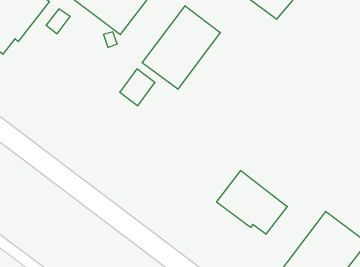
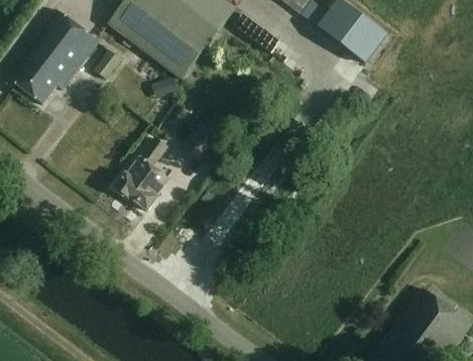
building: [142,6,220,89] -> none
building: none -> [116,135,170,208]
building: [217,170,287,234] -> none

